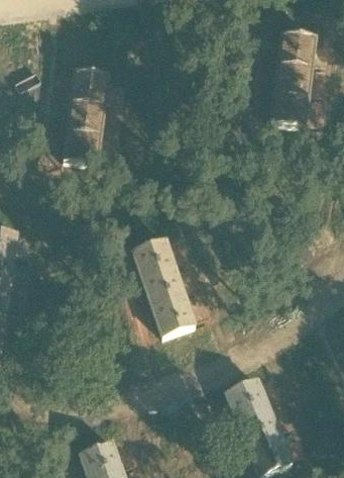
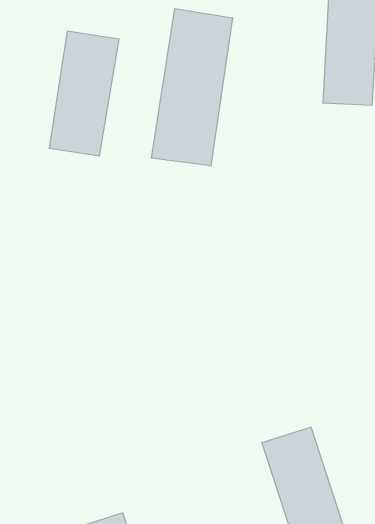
building: none -> [151,9,232,166]
building: [129,235,198,339] -> none

